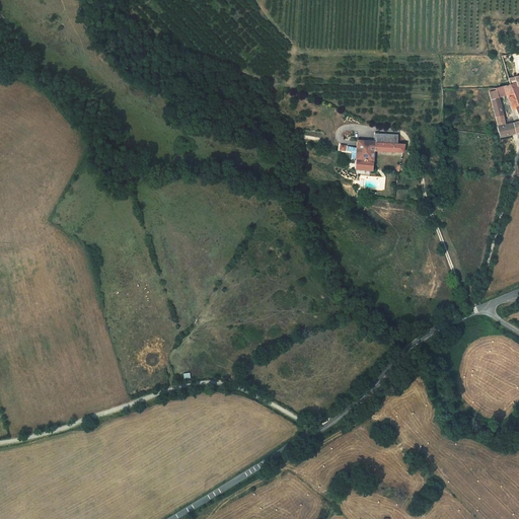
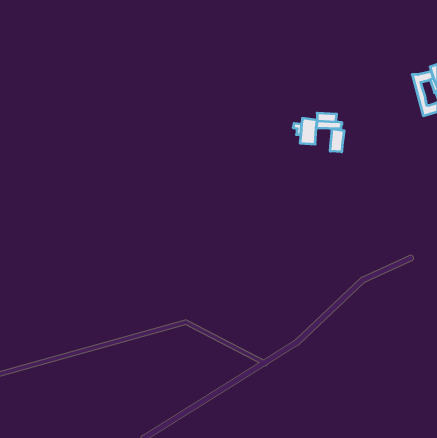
building: none -> [330,129,344,152]

